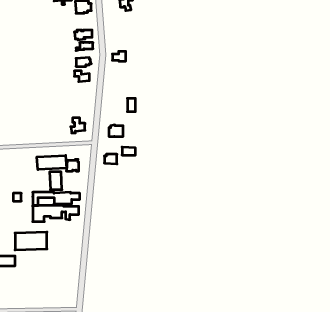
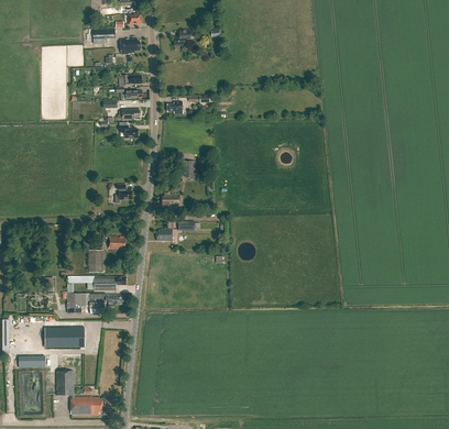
building: [37,155,67,170] -> none
building: none -> [56,371,102,415]

